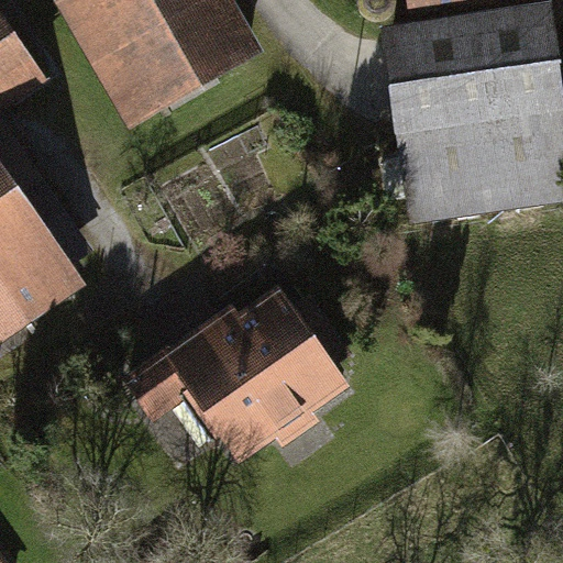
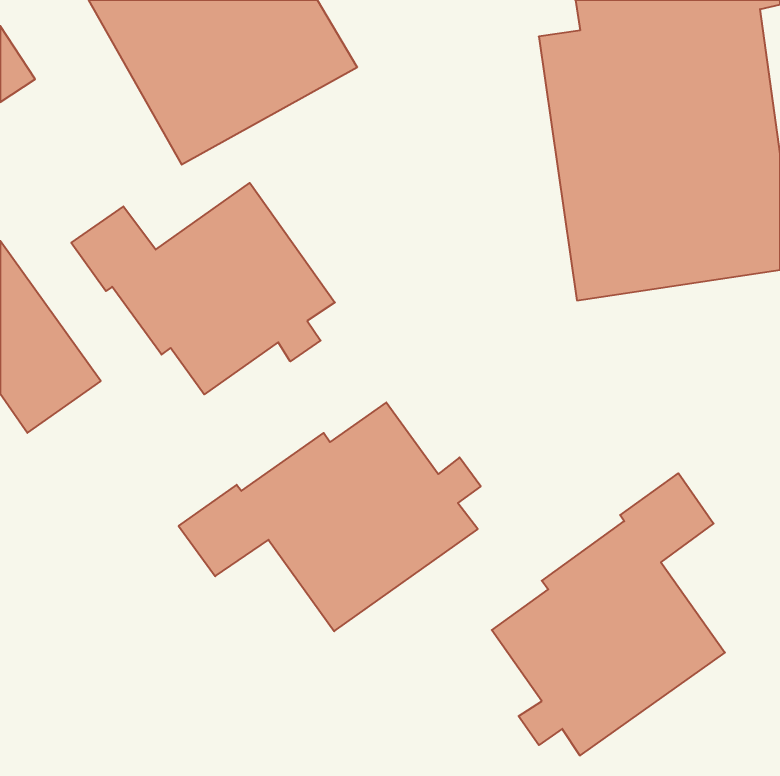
building: none -> [71,183,335,394]
building: none -> [492,473,725,756]

